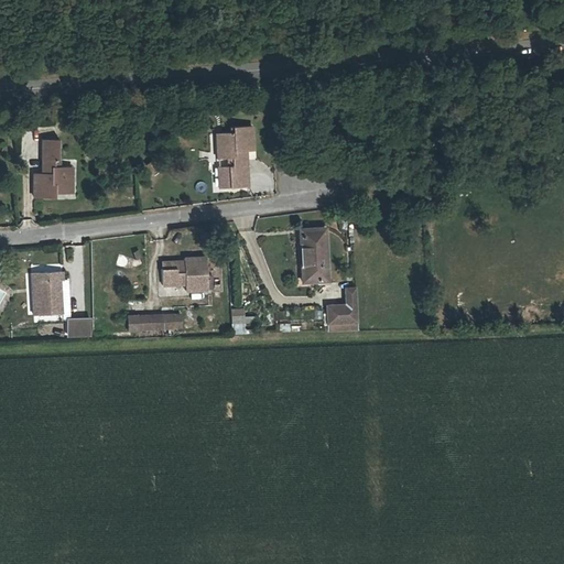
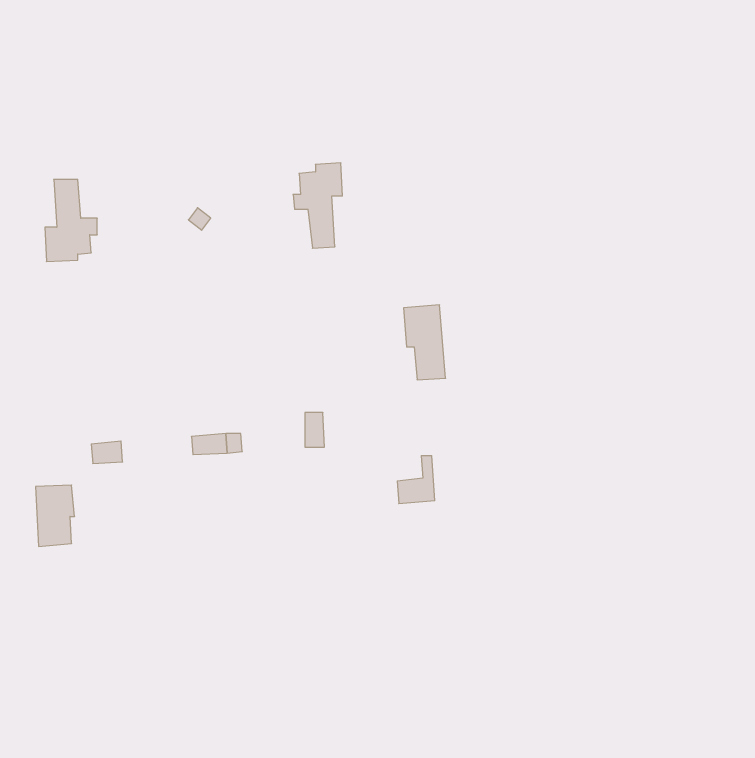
building: [158,258,206,293] -> none
building: [34,273,63,318] -> [36,485,75,546]
building: [328,291,356,326] -> [397,456,435,504]

